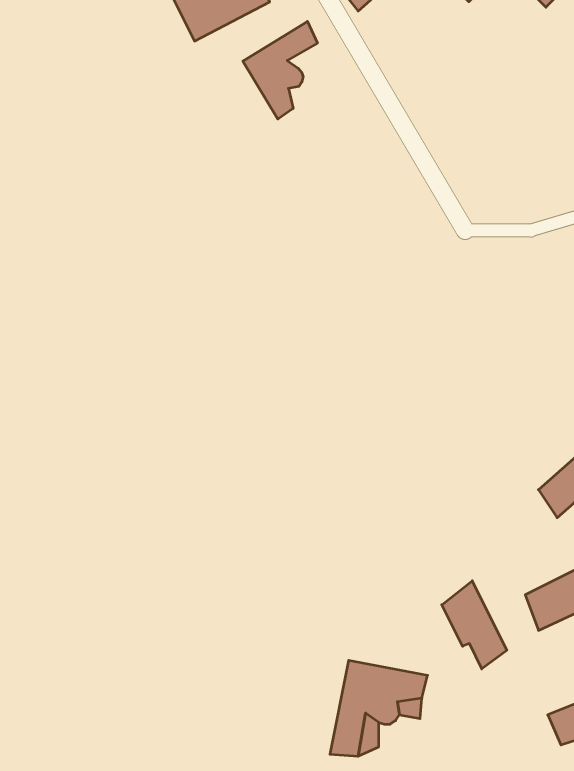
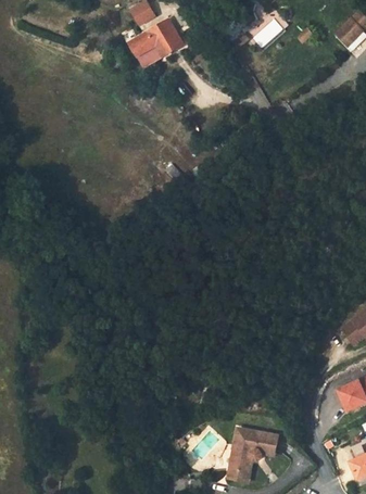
building: [243,21,317,119] -> none
building: [442,581,507,669] -> none

